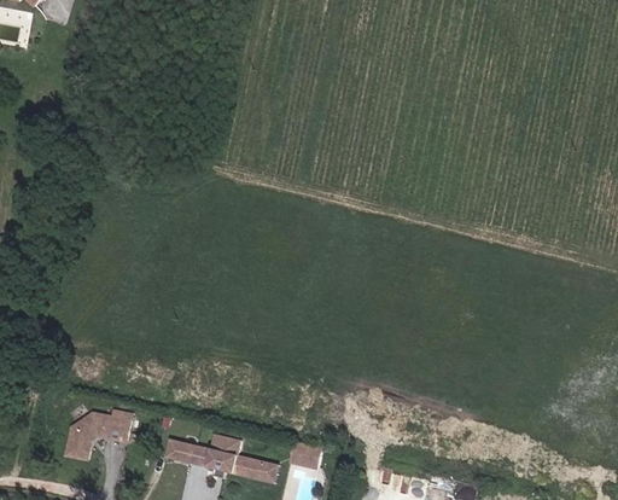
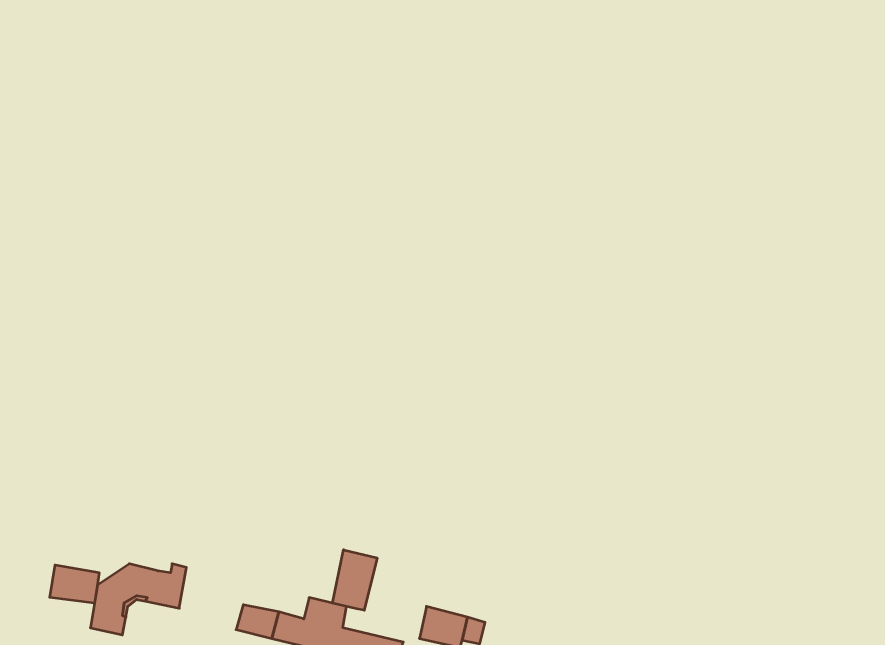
building: none -> [332,550,377,610]
building: none -> [50,565,99,603]

